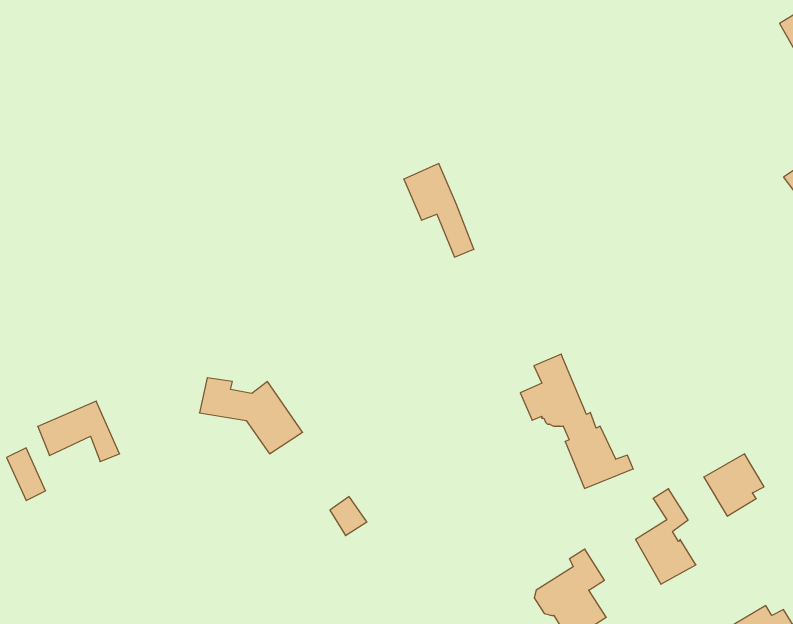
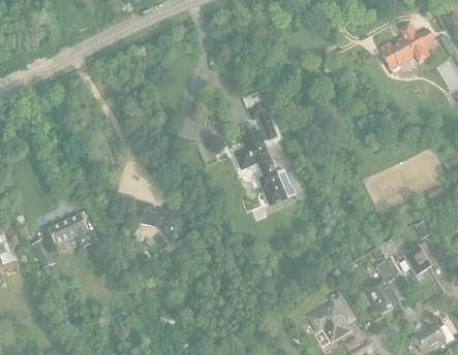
building: none -> [379,25,434,65]
building: [520,354,633,488] -> [235,132,295,203]

